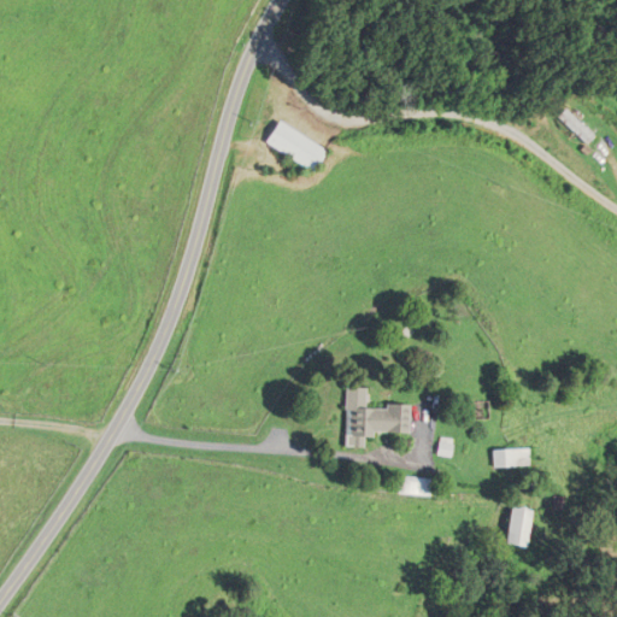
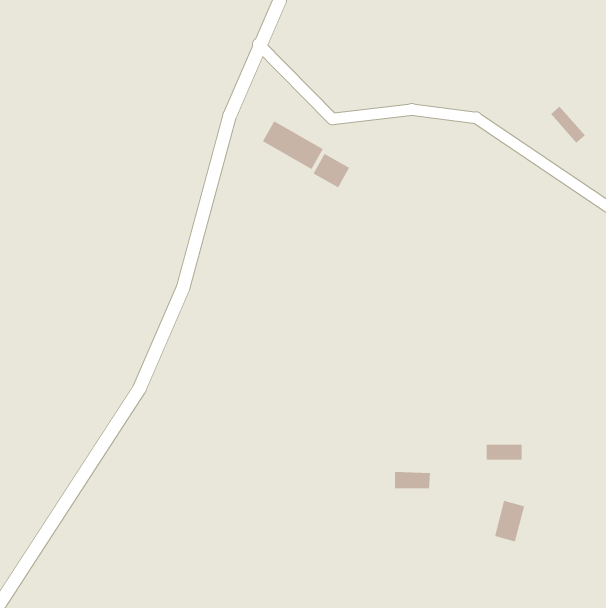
building: none -> [313,153,350,189]
building: [346,388,410,447] -> none

